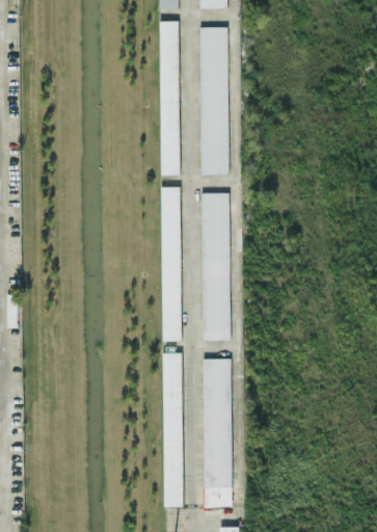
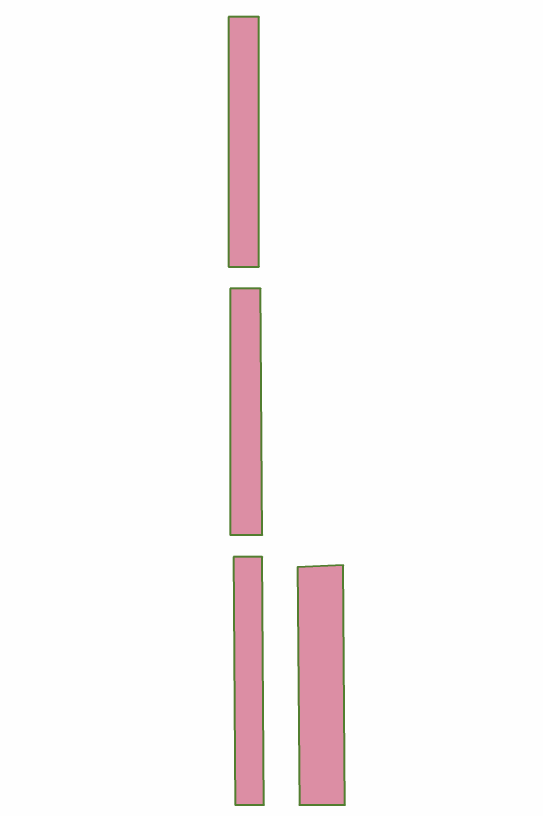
building: [199,27,227,172] -> none
building: [200,193,230,341] -> none

